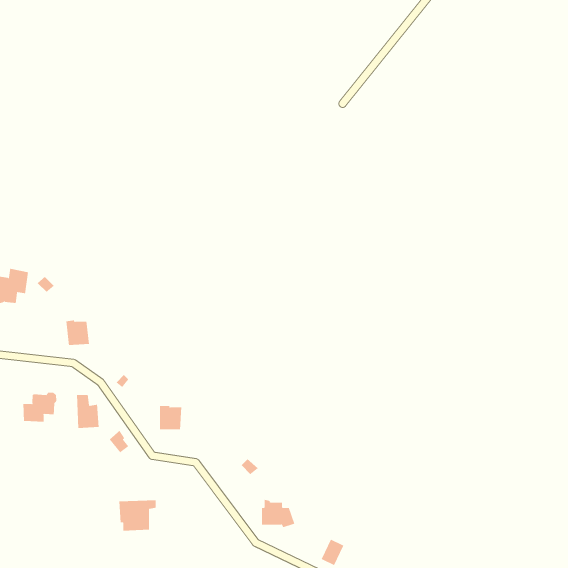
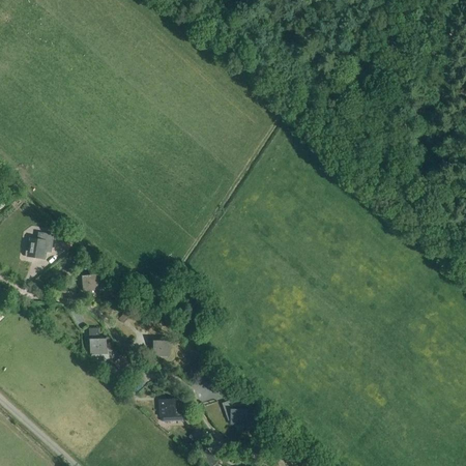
building: [23,392,57,422] -> none
building: [118,500,156,531] -> [158,399,187,423]

